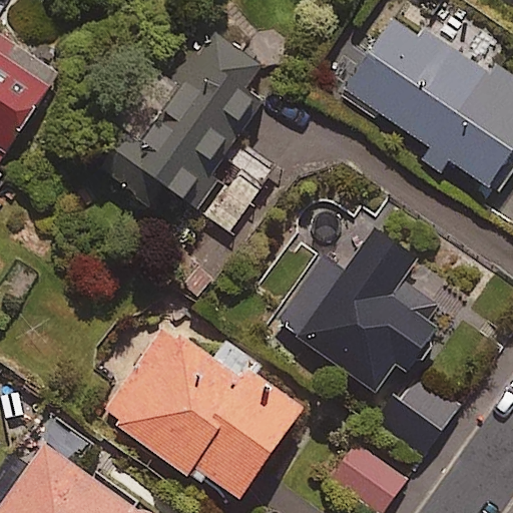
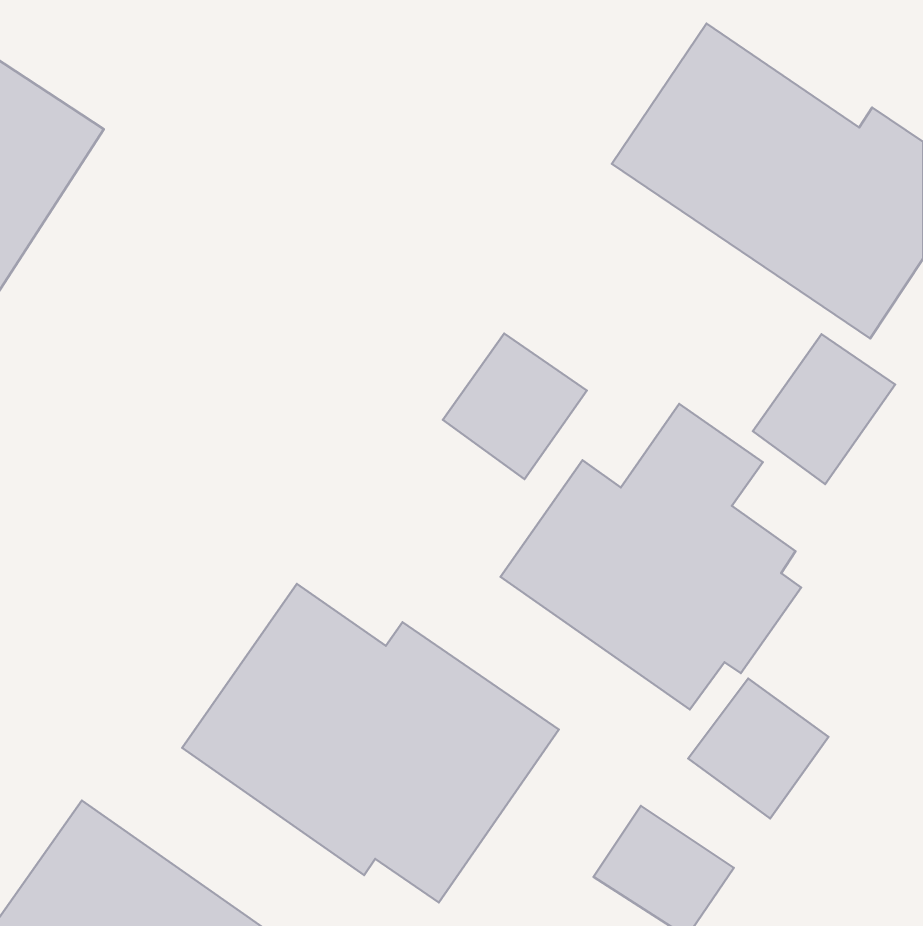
building: [95,29,278,229] -> none
building: none -> [443,334,587,479]
building: none -> [753,334,895,484]

